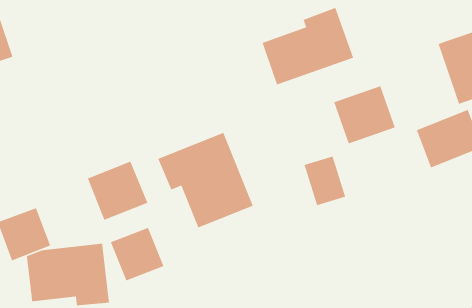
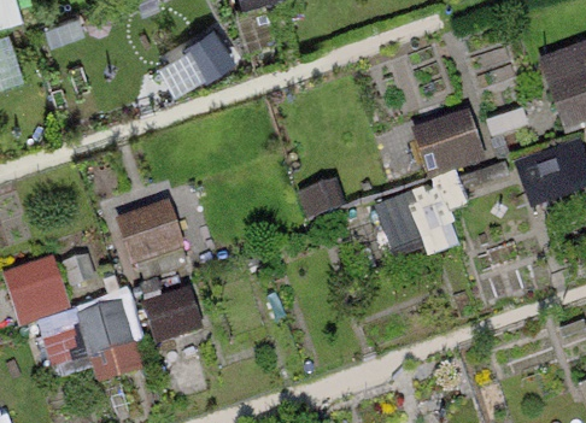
building: [261,7,354,86] -> none
building: [157,132,254,229] -> none

